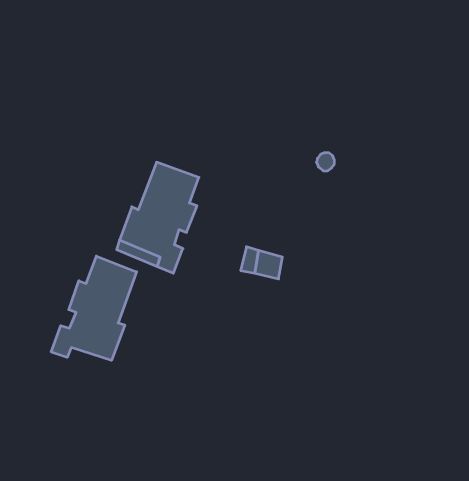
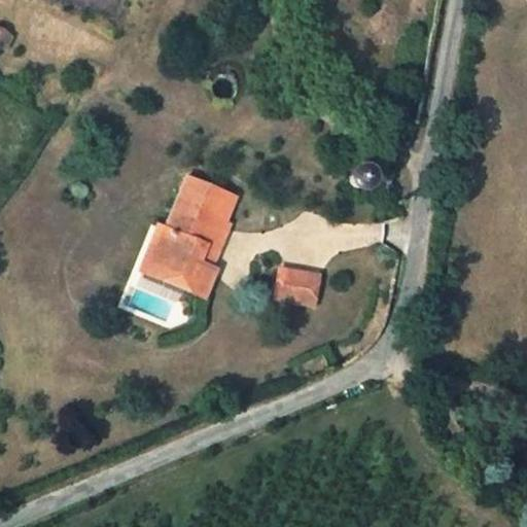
building: [51,256,137,360] -> none

